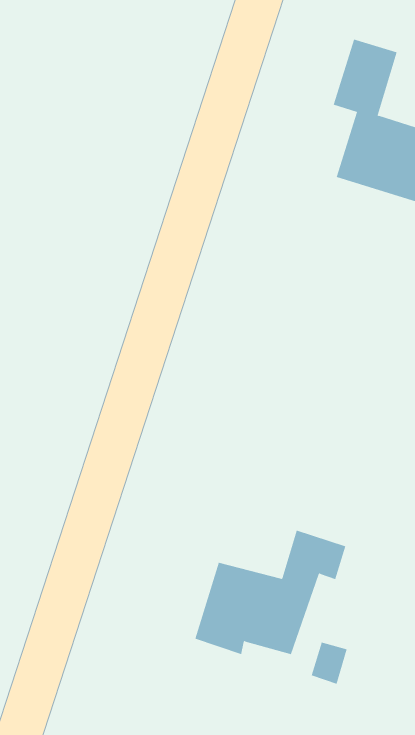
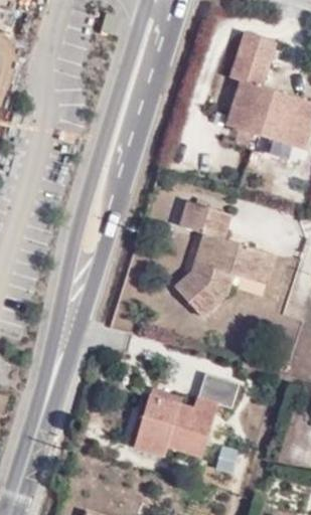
building: none -> [175,196,274,312]

